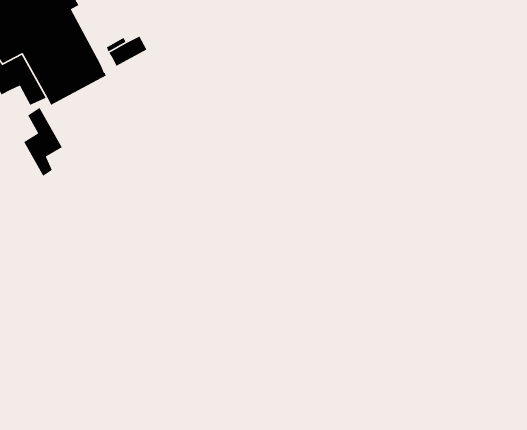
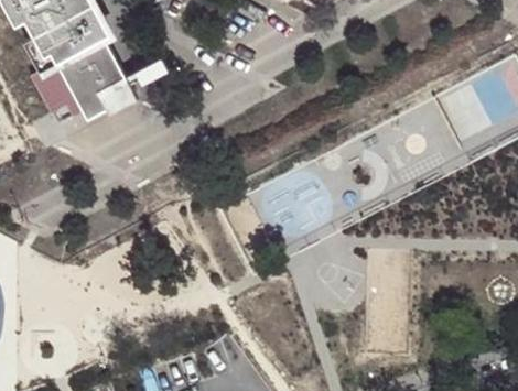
building: [23,107,63,177] -> none

